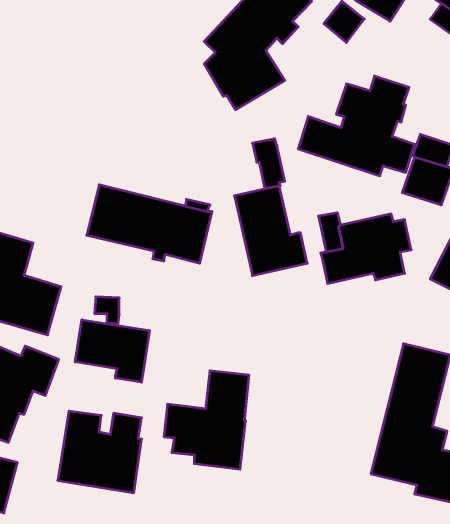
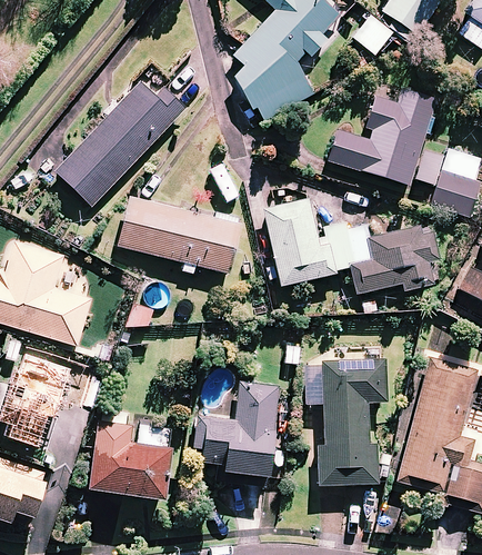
building: none -> [56,81,188,206]
building: [252,139,285,188] -> [323,220,355,269]
building: [75,320,150,382] -> none
building: none -> [305,358,386,485]

